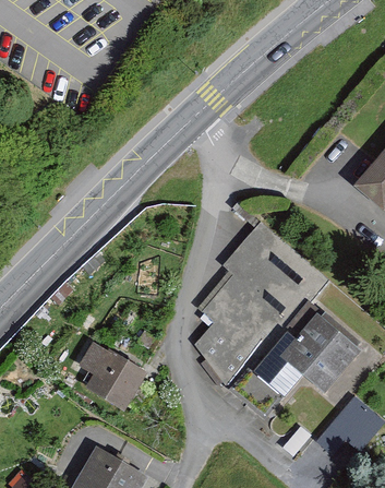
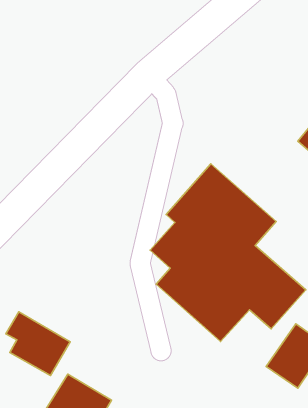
building: [75,338,146,408] -> [6,312,70,375]

